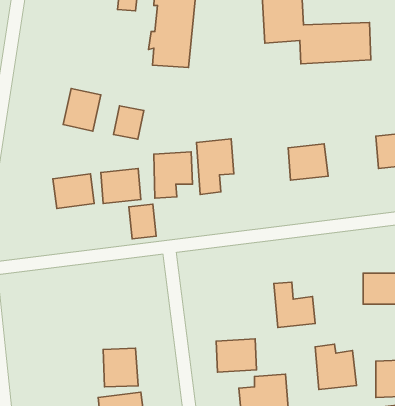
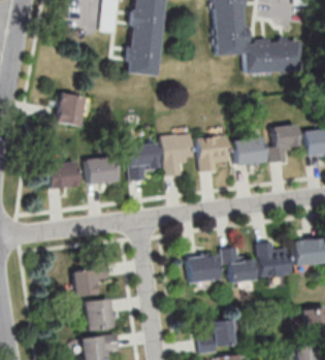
building: [113,106,144,139] -> none
building: none -> [269,124,300,161]
building: none -> [196,134,229,171]
building: [129,204,156,239] -> none
building: none -> [74,266,109,297]
building: [216,339,256,372] -> [186,255,218,282]
building: [315,344,356,389] -> [258,241,291,277]

